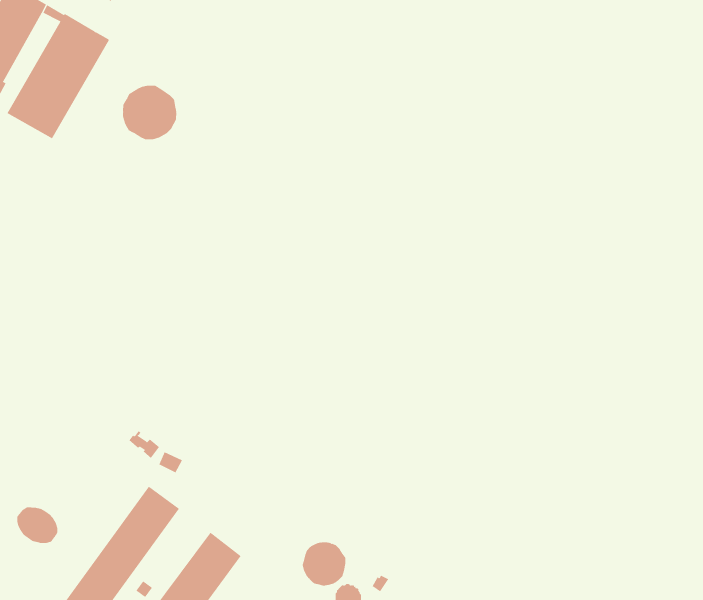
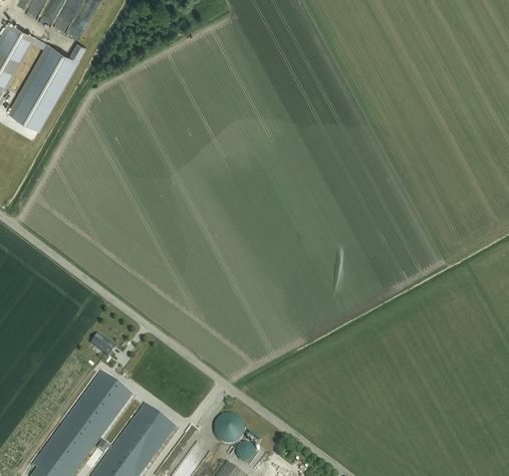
building: [123,85,177,140] -> none
building: [17,506,58,544] -> none

